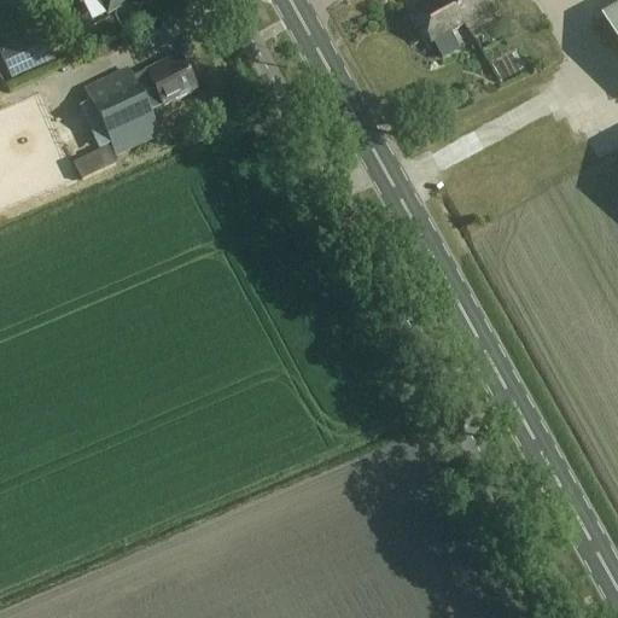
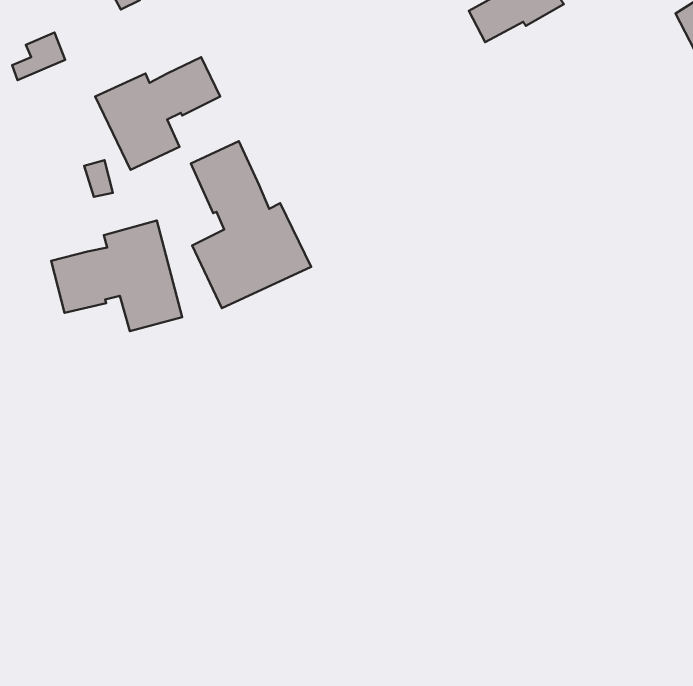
building: none -> [191,141,311,308]
building: none -> [51,220,182,331]

